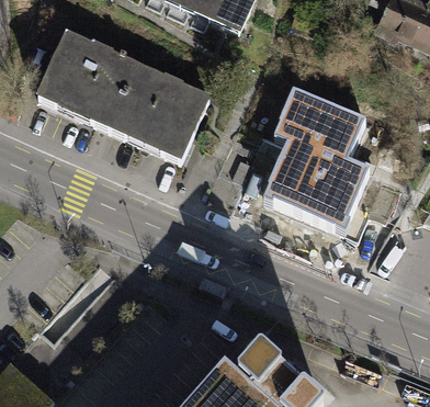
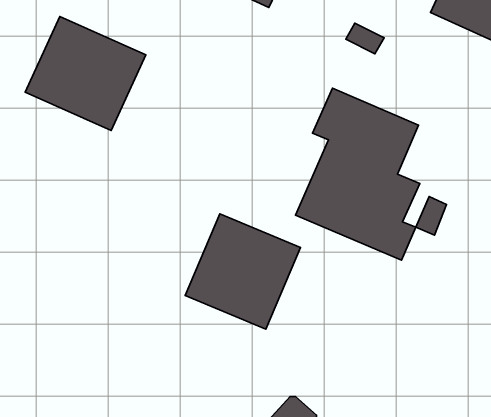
building: [110,67,206,160] -> none
building: none -> [185,214,301,329]

